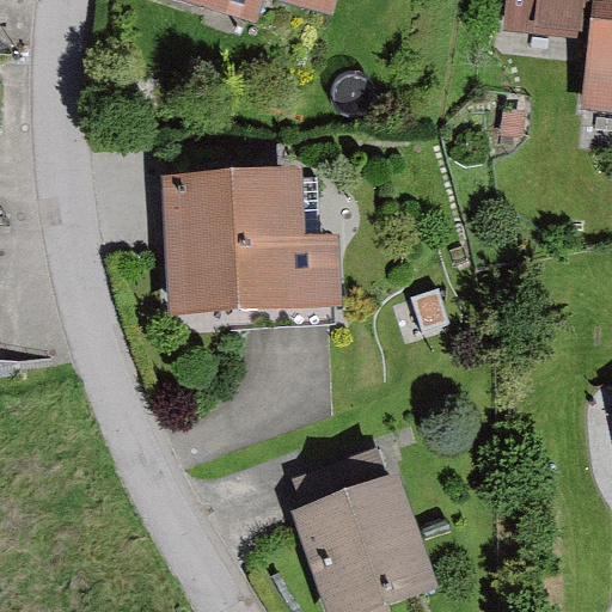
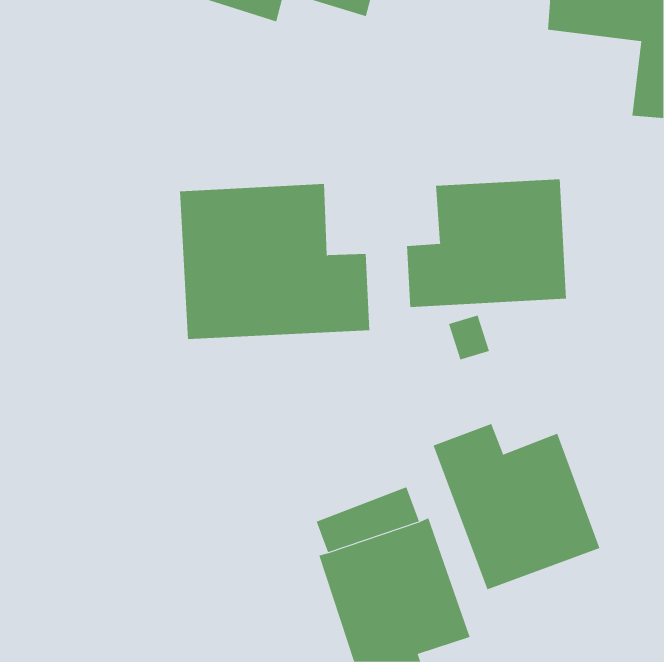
building: none -> [406,179,566,308]
building: none -> [433,423,600,590]

